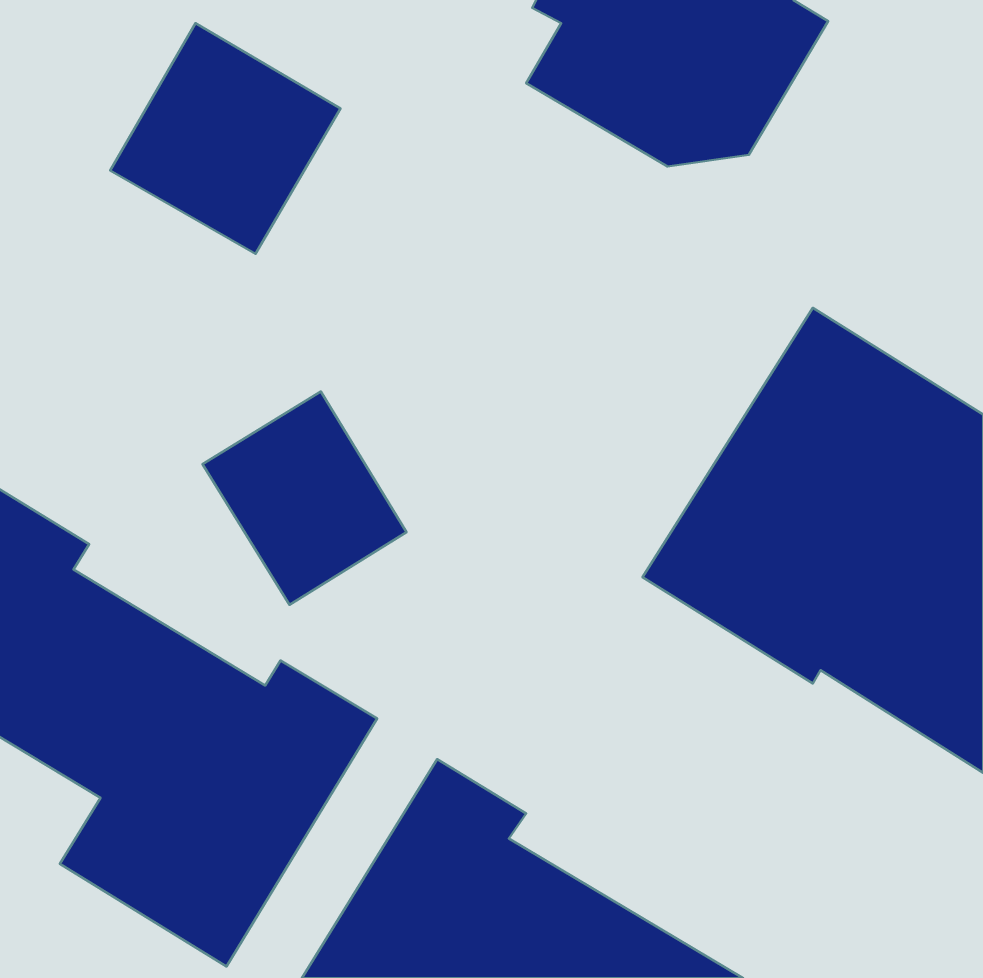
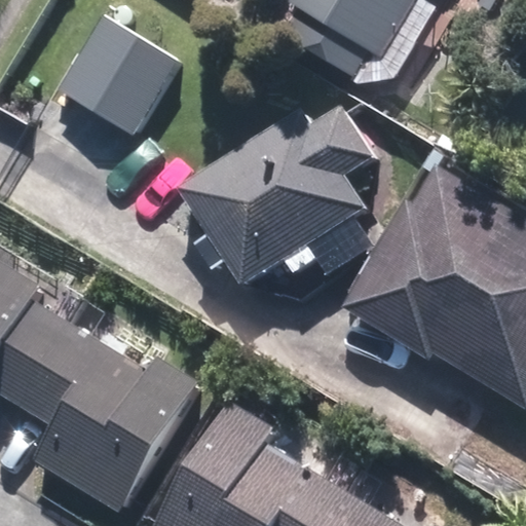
building: none -> [178,105,379,289]
building: [202,392,406,605] -> none

